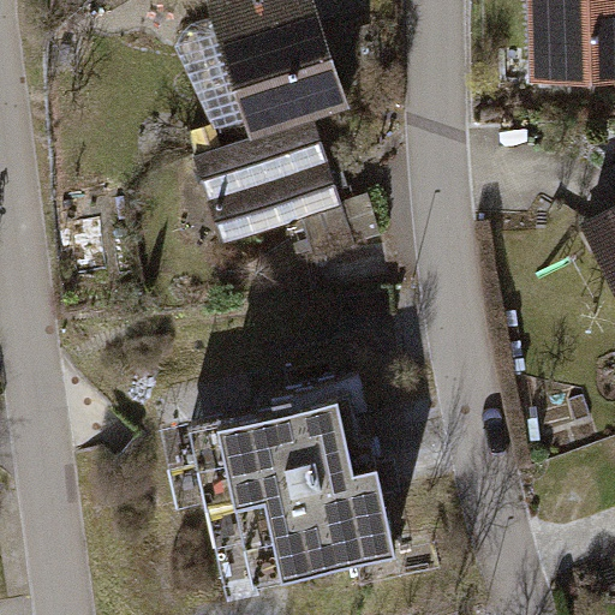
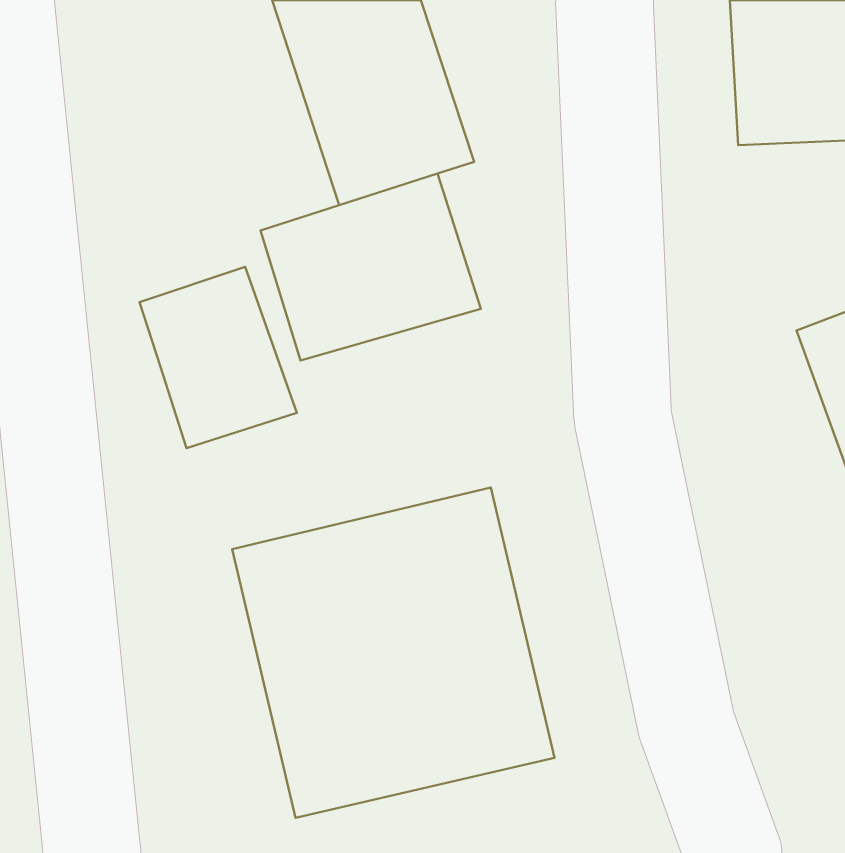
building: none -> [140,267,297,448]

